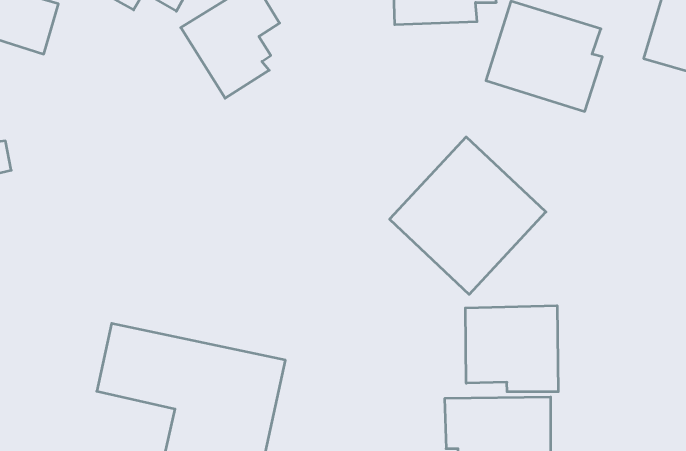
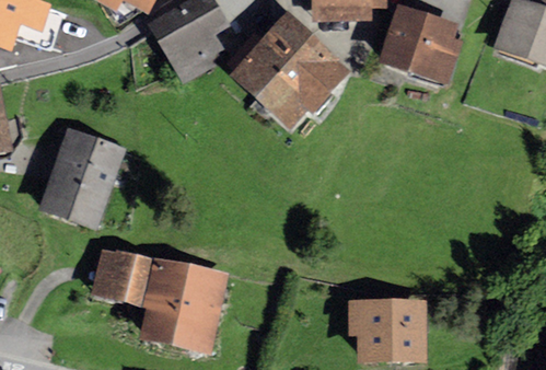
building: [390,137,546,294] -> [233,10,349,127]
building: none -> [38,124,127,232]
building: [465,306,558,392] -> none

